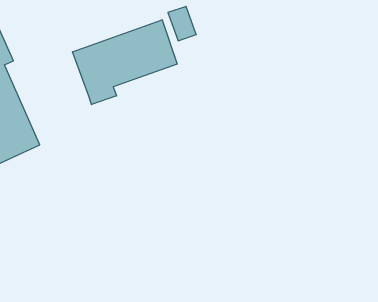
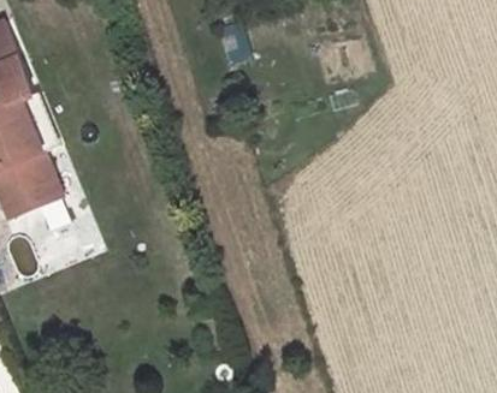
building: [73,20,177,105] -> none

